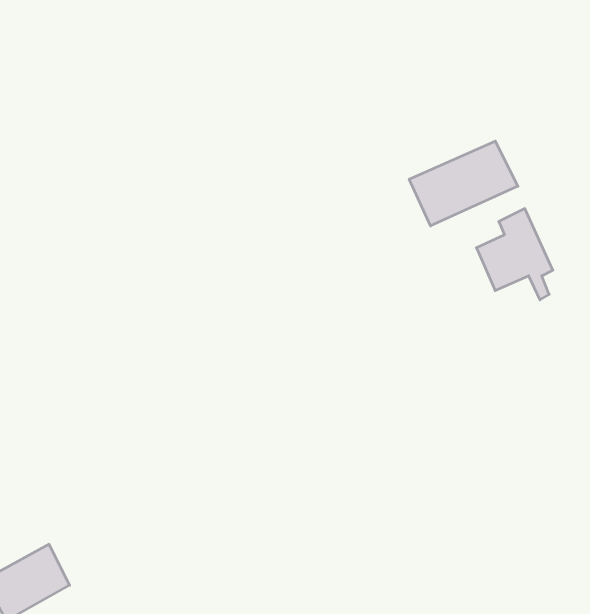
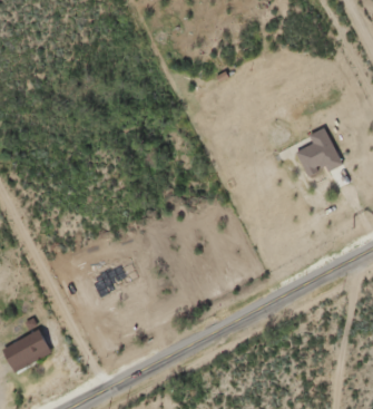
building: [409,141,518,226] -> none

